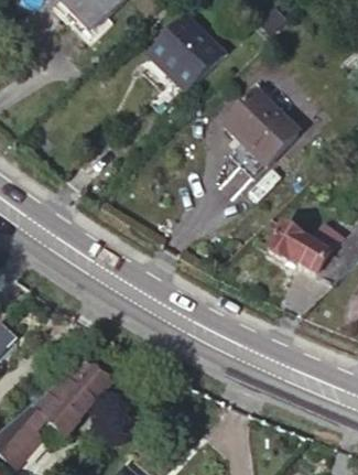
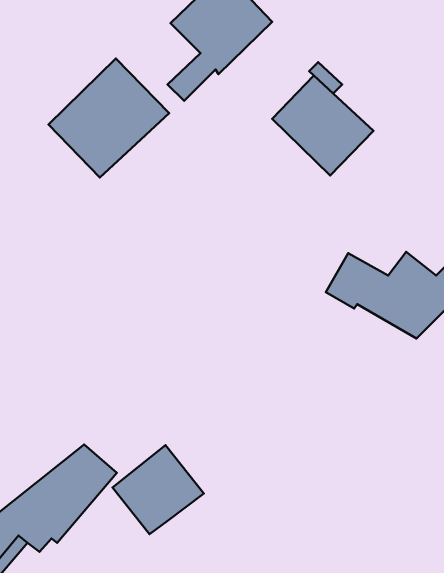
building: none -> [48,58,169,178]
building: none -> [113,445,204,534]

